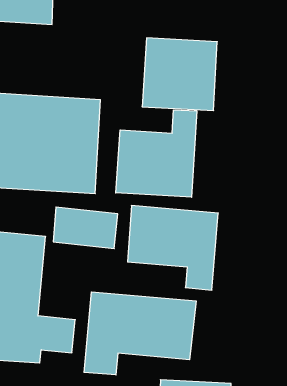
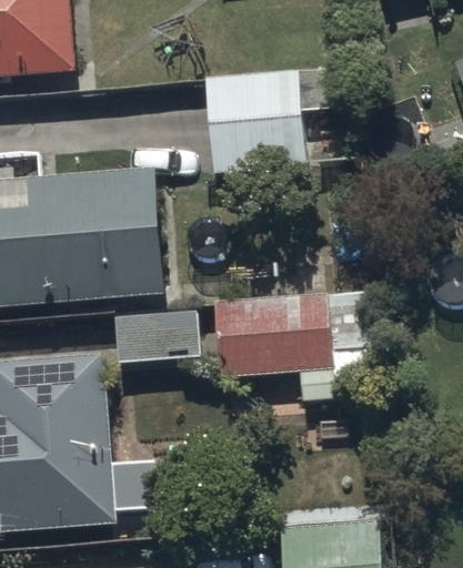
building: [116,110,197,197] -> none
building: [84,292,196,375] -> none

